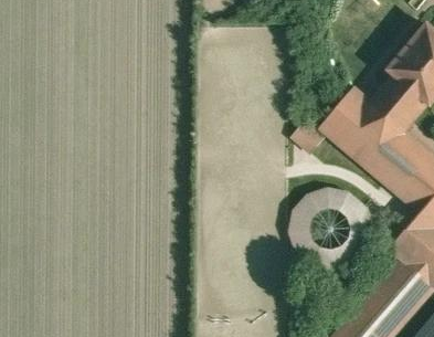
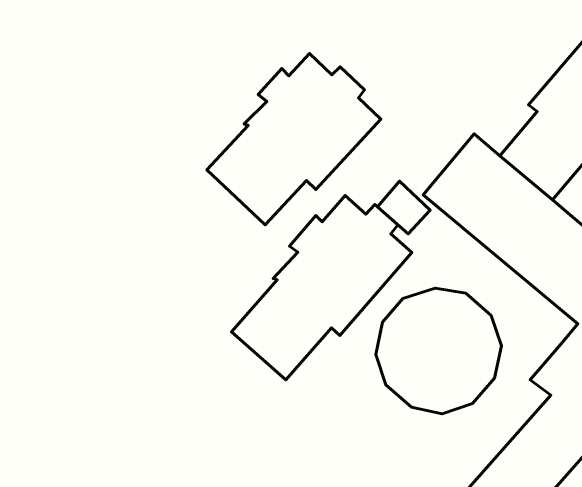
building: none -> [207,54,381,225]
building: none -> [231,196,412,380]

